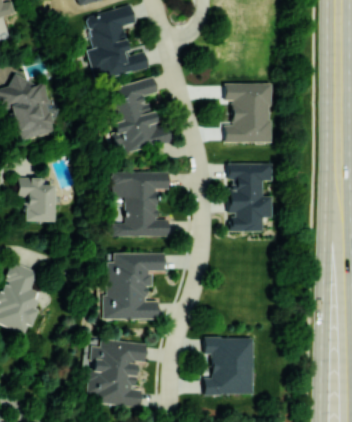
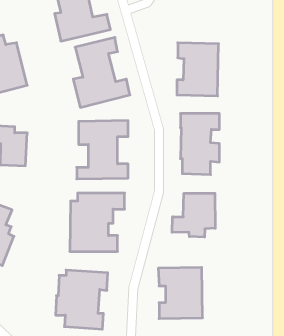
building: none -> [172,193,215,237]

